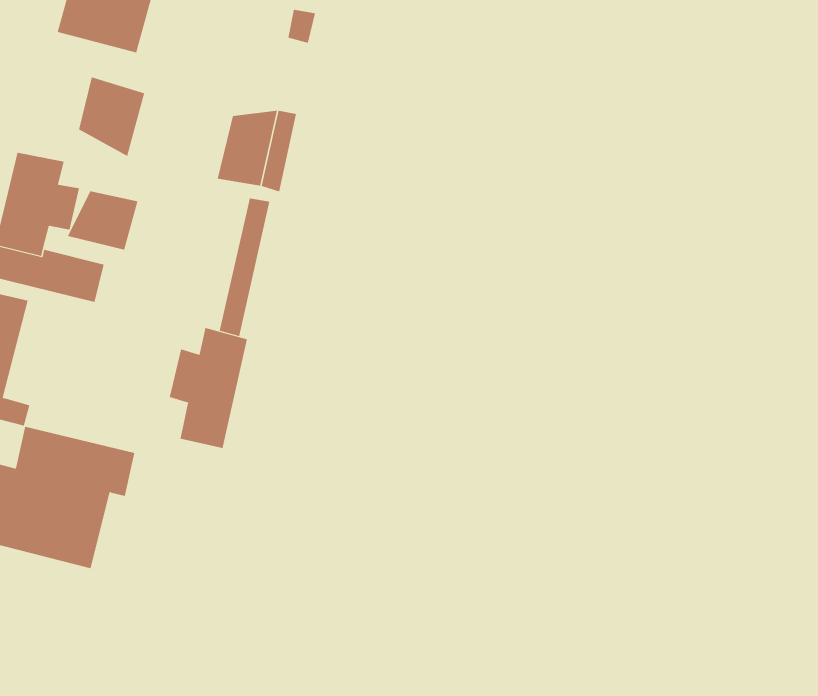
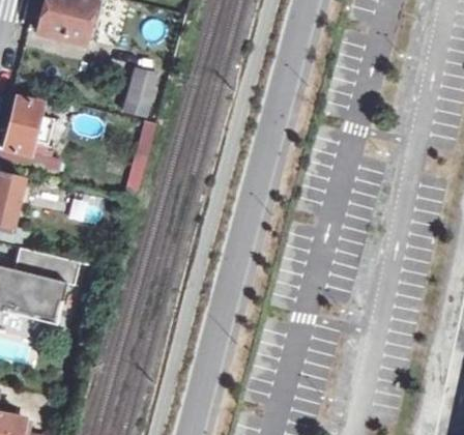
building: [78,76,145,157] -> none
building: [67,191,138,250] -> none
building: [169,327,247,449] -> none

